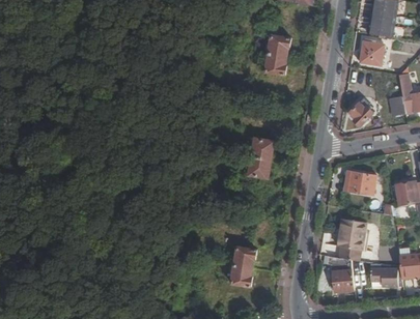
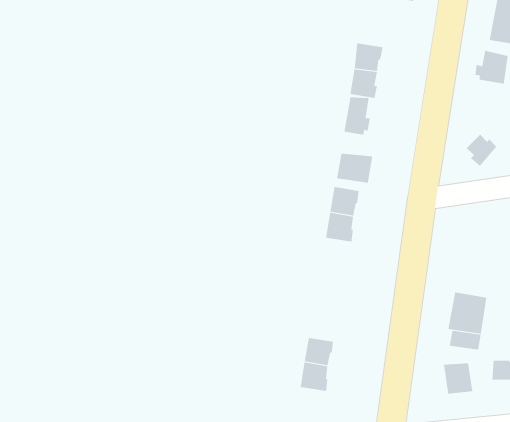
building: none -> [344,96,371,136]
building: none -> [336,153,373,183]
building: [347,171,377,196] -> none

